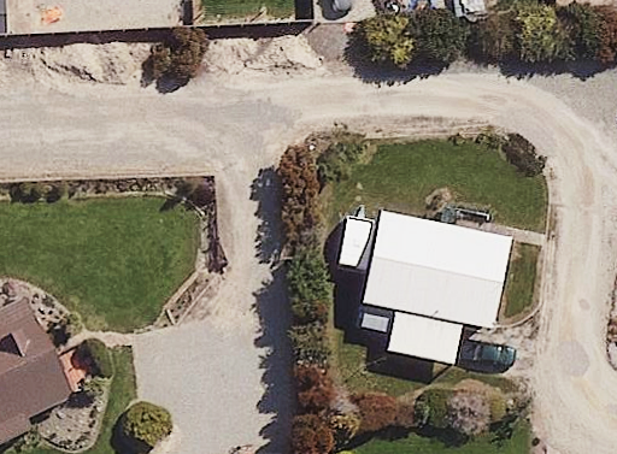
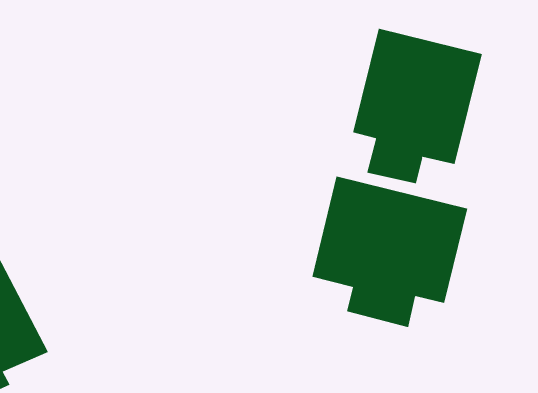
building: none -> [353,28,483,184]

